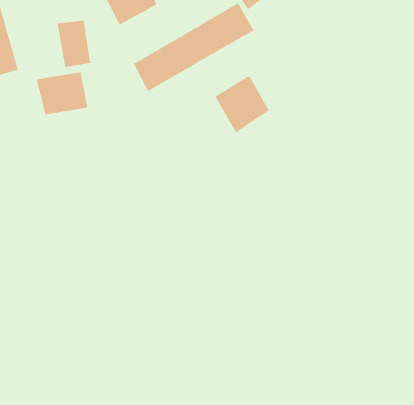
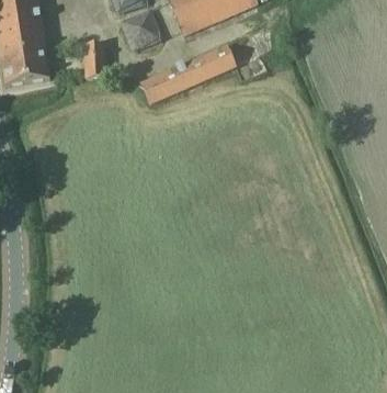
building: [36,71,88,115] -> none
building: [215,75,270,133] -> none

